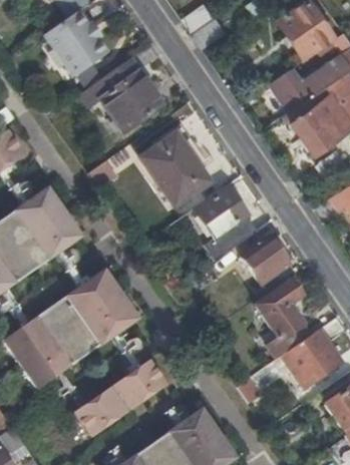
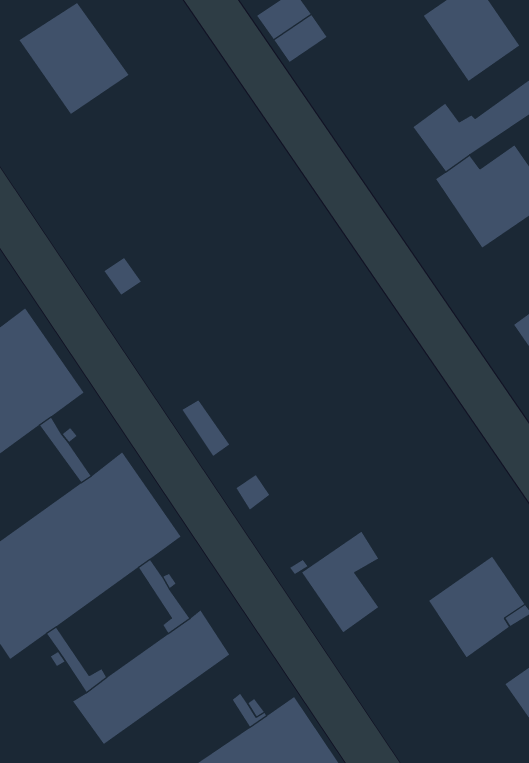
building: [80,55,162,131] -> none
building: [139,133,209,206] -> none
building: [195,187,247,253] -> none
building: [242,237,287,282] -> none
building: [256,280,301,339] -> [301,531,379,633]

